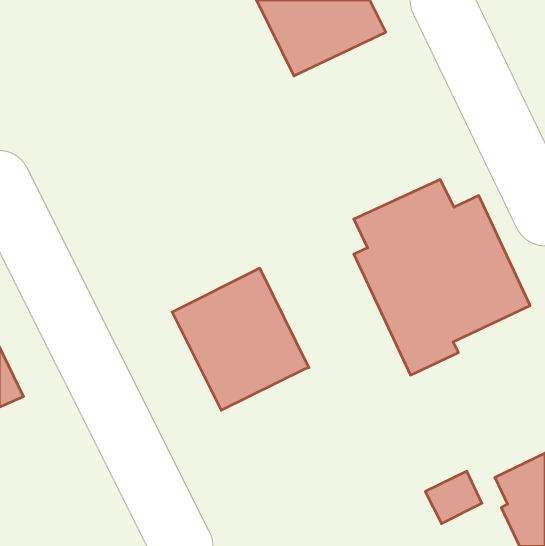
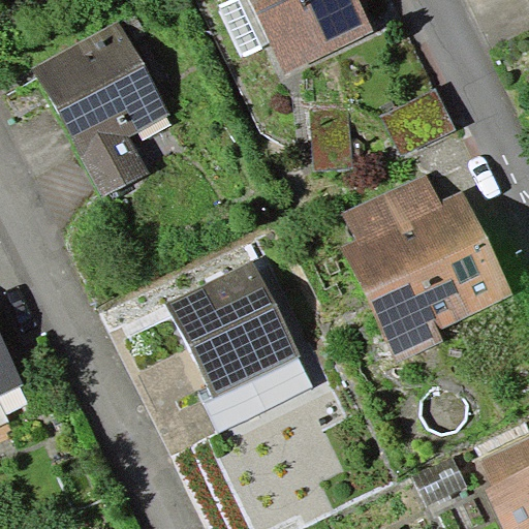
building: none -> [33,22,169,197]
building: none -> [197,356,311,432]

